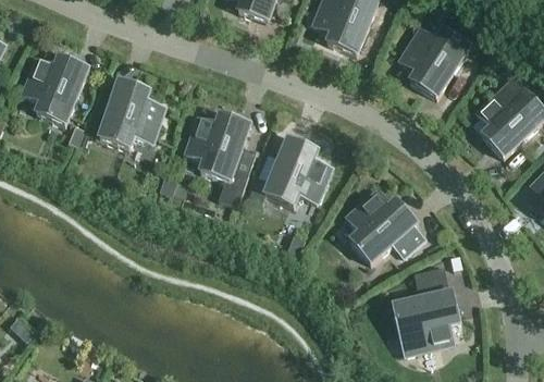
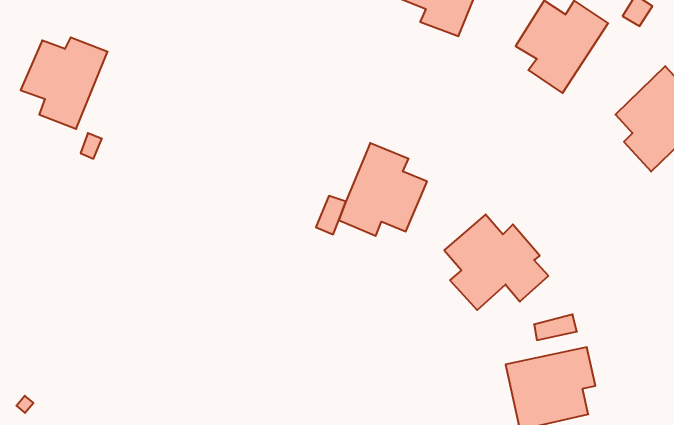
building: [100,77,165,148] -> none
building: [186,111,251,206] -> none

